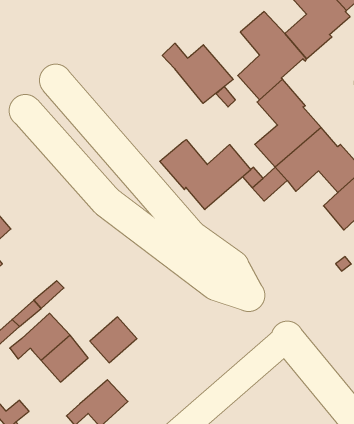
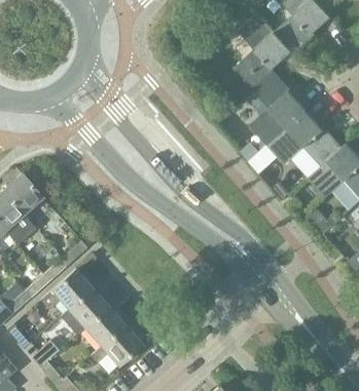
building: [162,43,233,103] -> none
building: [160,140,251,210] -> none
building: [90,317,137,363] -> [84,308,124,347]

